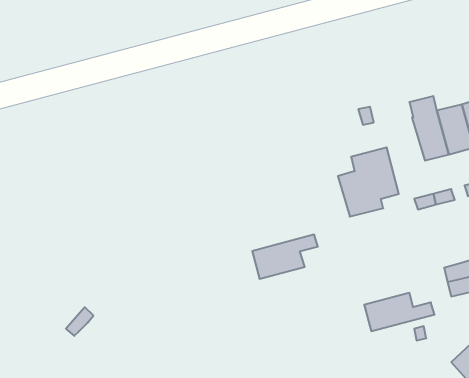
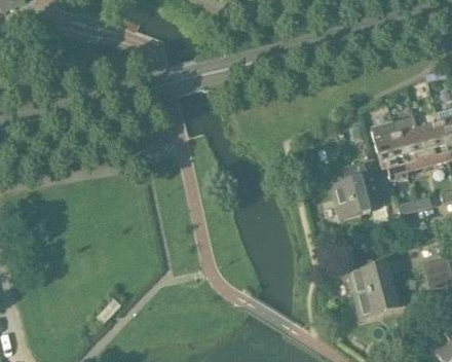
building: none -> [370,119,407,179]
building: [252,235,318,279] -> [347,256,404,294]

